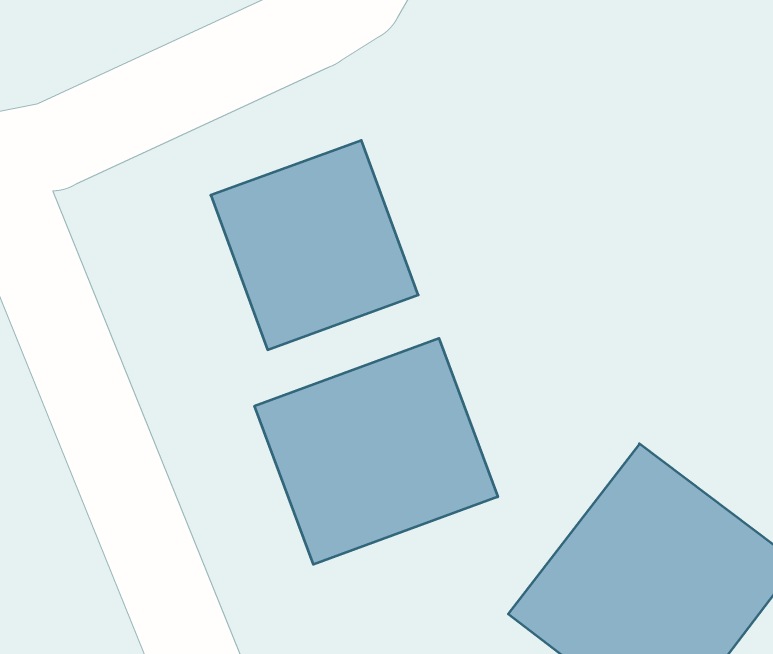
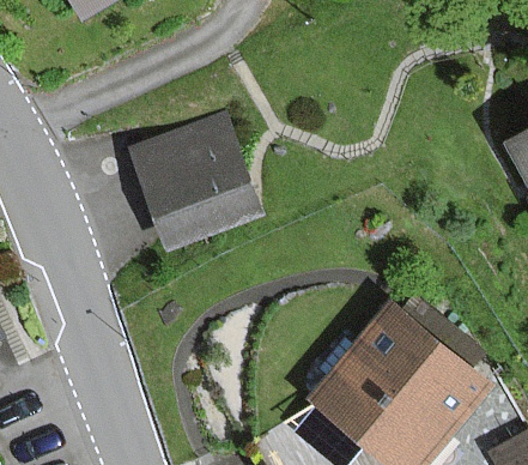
building: [255,338,498,564] -> none

